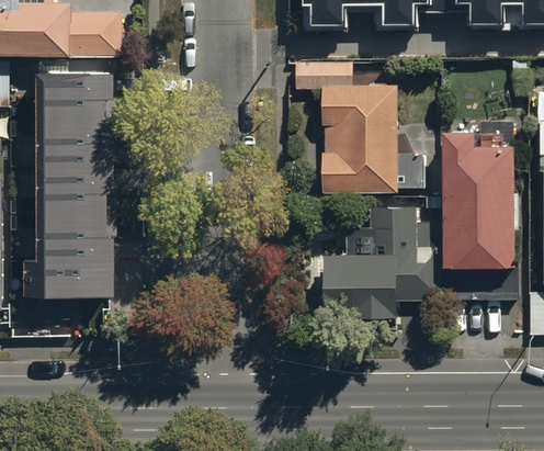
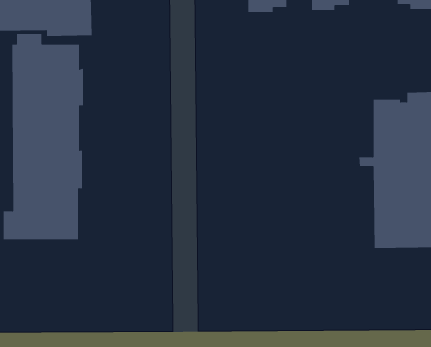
building: [302,63,427,193] -> none
building: [311,208,438,322] -> none

